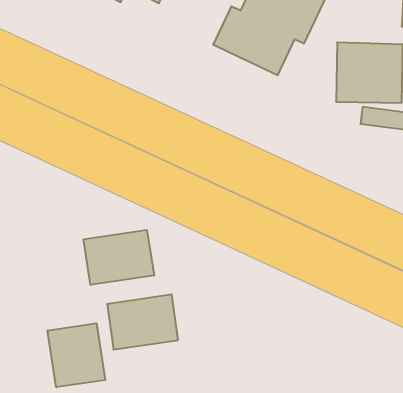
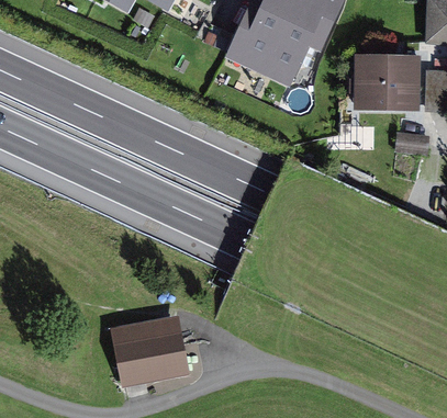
building: [84,230,154,285] -> none
building: [48,323,105,387] -> none

